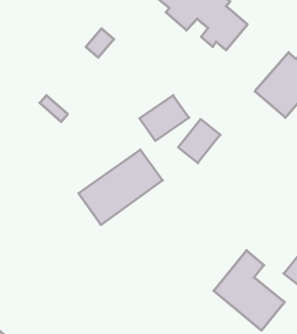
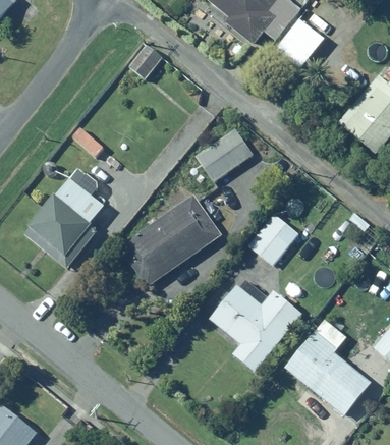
building: [178,119,220,163] -> [246,212,298,266]
building: none -> [25,169,106,268]
building: none -> [209,279,302,372]

